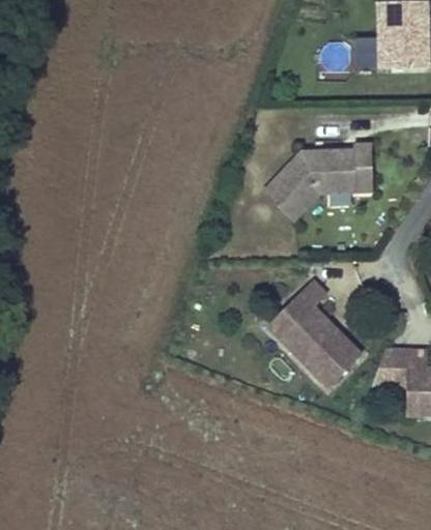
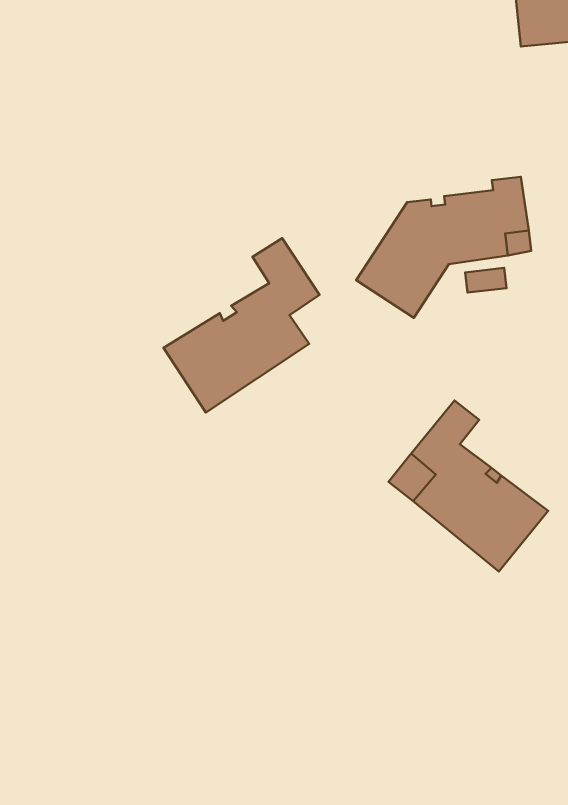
building: none -> [164,238,320,412]

